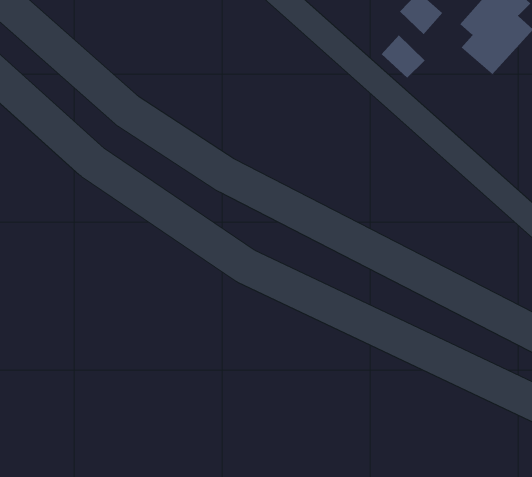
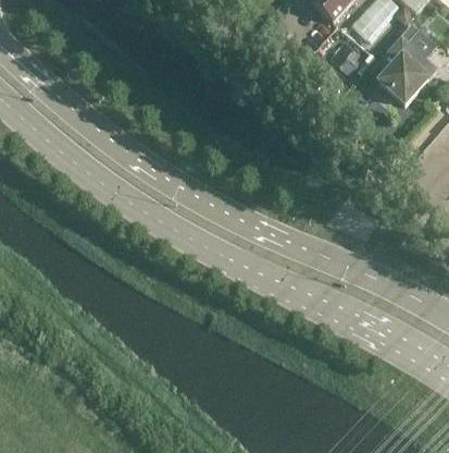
building: [381,34,426,79] -> none

